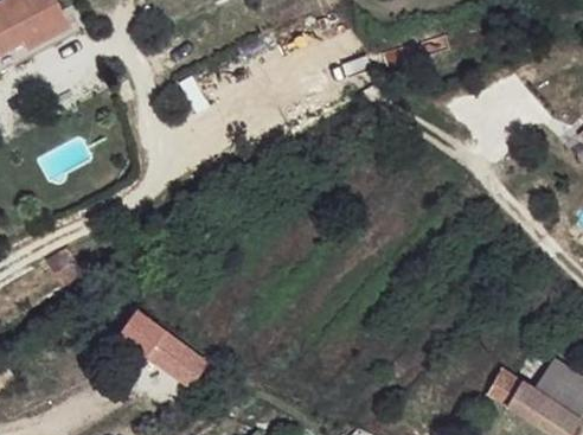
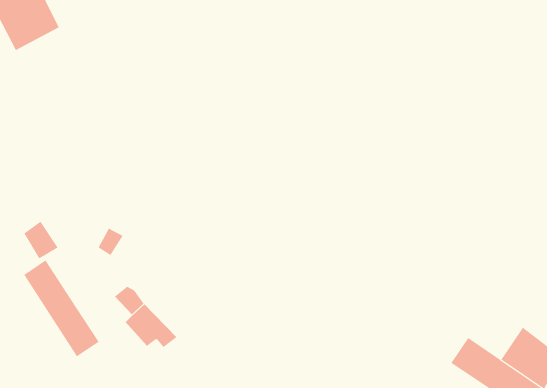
building: none -> [24,259,100,357]

